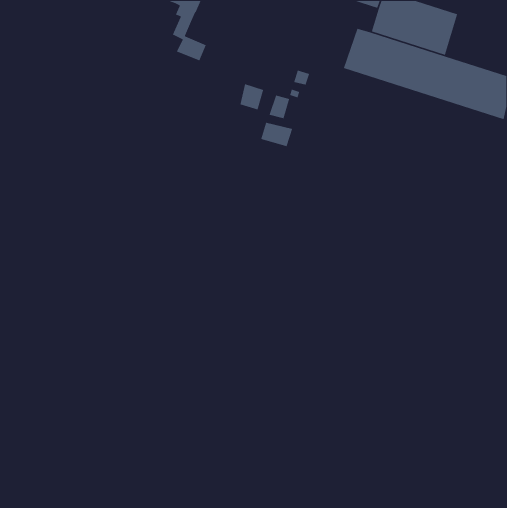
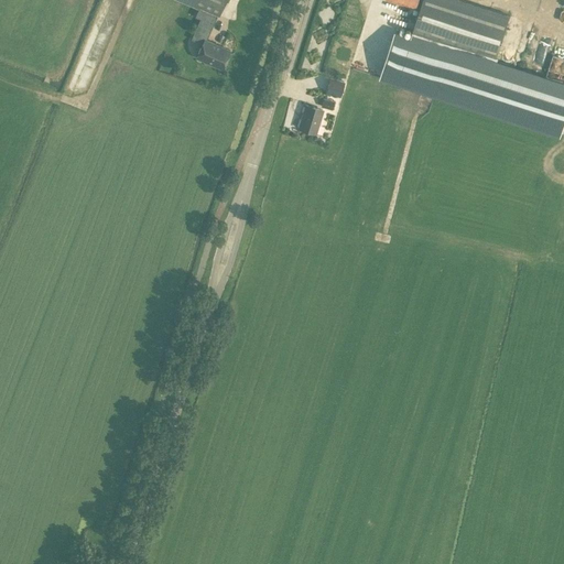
building: [240,83,264,111] -> none
building: [260,122,293,147] -> none

